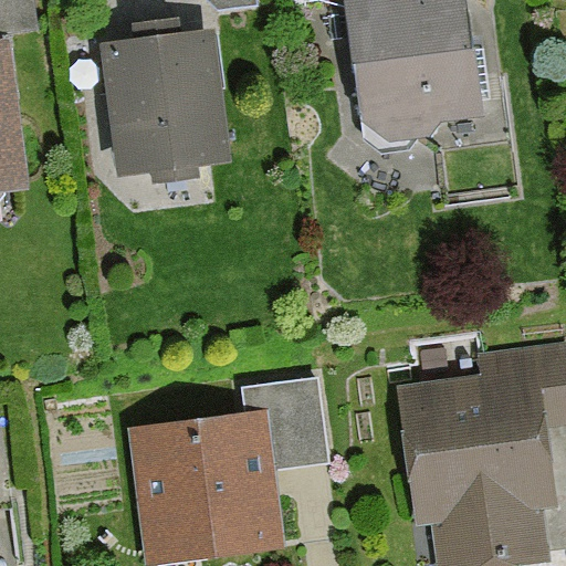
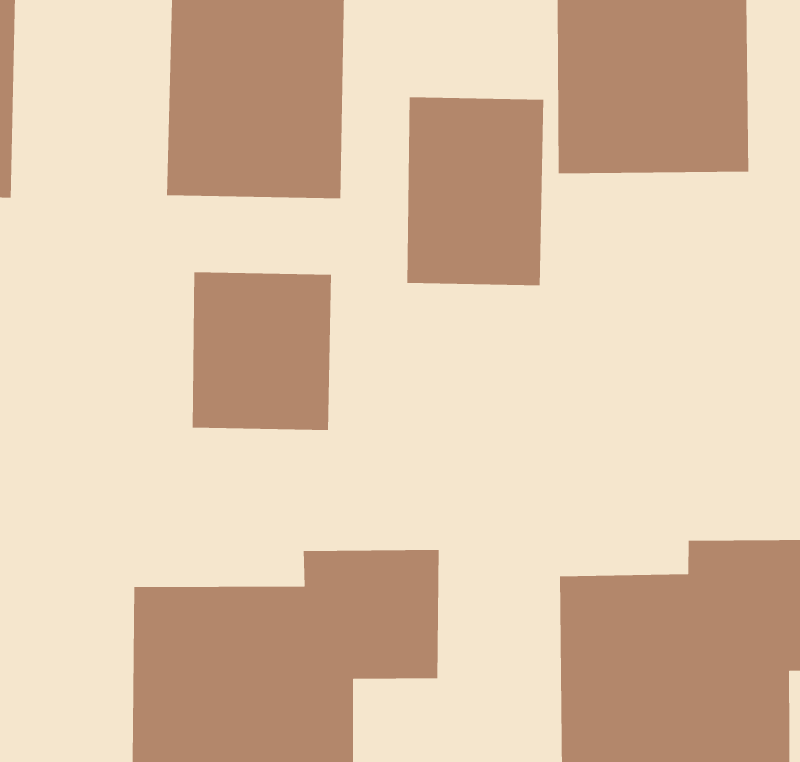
building: none -> [406,97,544,286]
building: none -> [192,272,332,431]

